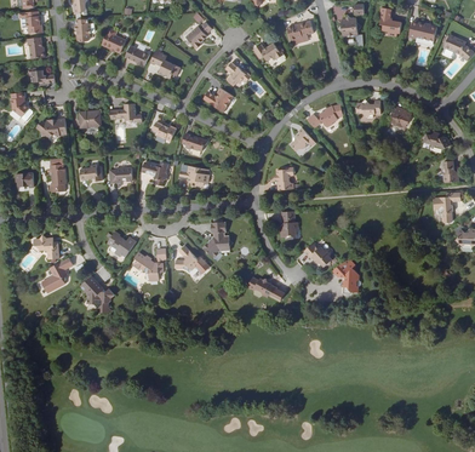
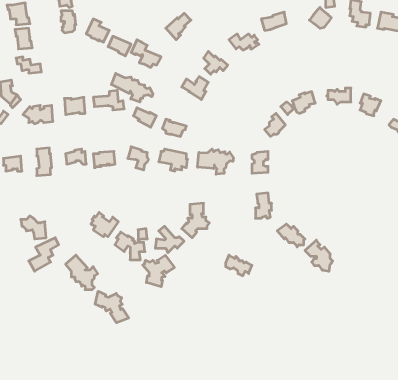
building: none -> [111,73,153,102]
building: none -> [198,149,233,174]
building: none -> [143,255,174,287]
building: none -> [95,291,129,323]

